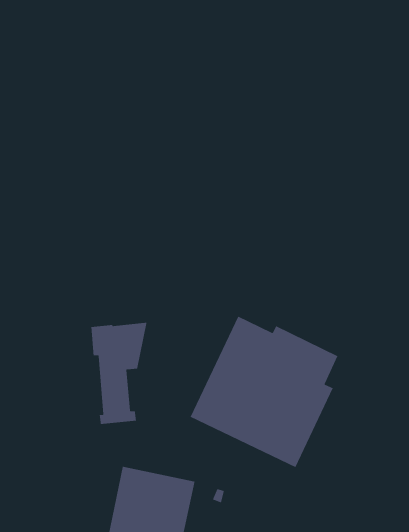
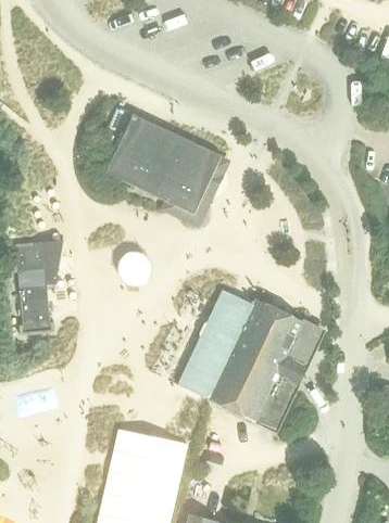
building: none -> [106,115,223,215]
building: [91,322,147,425] -> [13,241,65,335]

